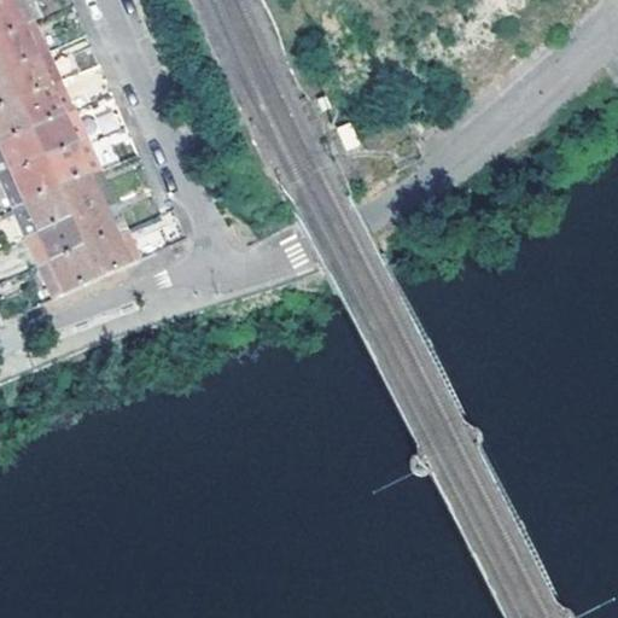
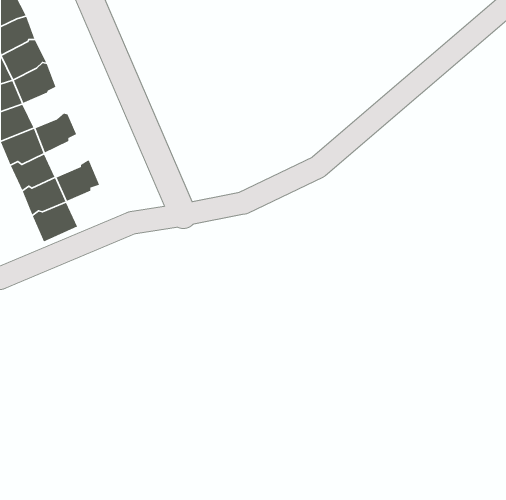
building: [28,106,83,156] -> none
building: [54,164,107,216] -> none
building: [81,226,136,276] -> none

